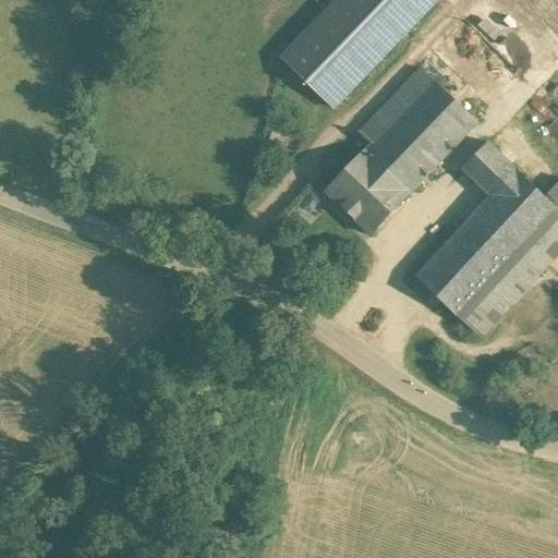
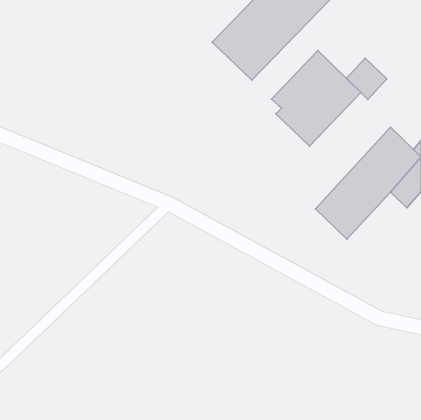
building: [462,141,515,195] -> [346,58,387,99]
building: [327,150,409,232] -> none
building: [458,254,537,337] -> none

